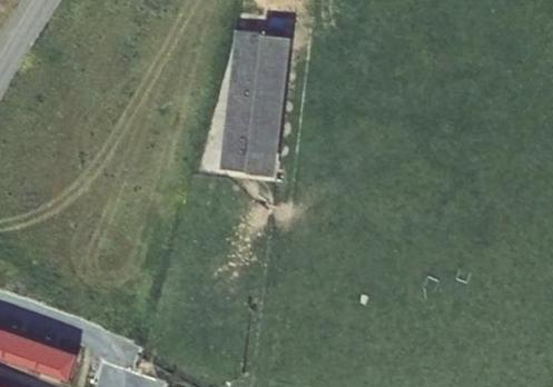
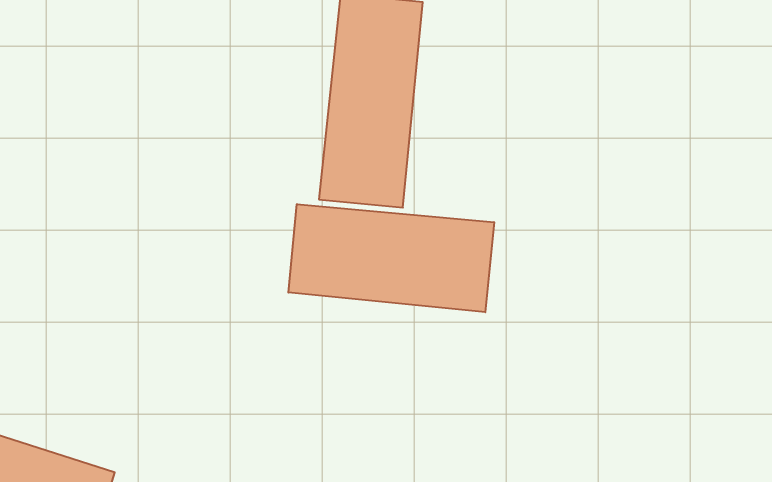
building: none -> [288,204,494,312]

